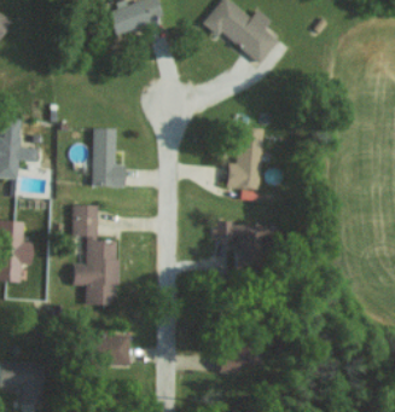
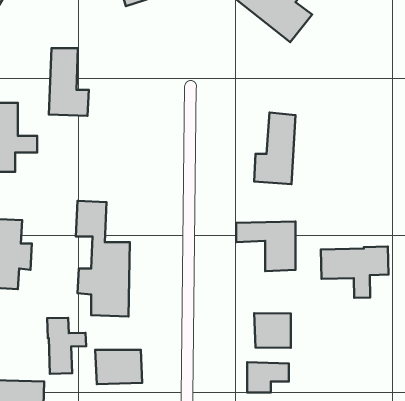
building: [91,129,126,188] -> [49,48,89,116]
building: none -> [321,247,388,298]
building: none -> [254,313,291,348]
building: none -> [47,318,86,374]

